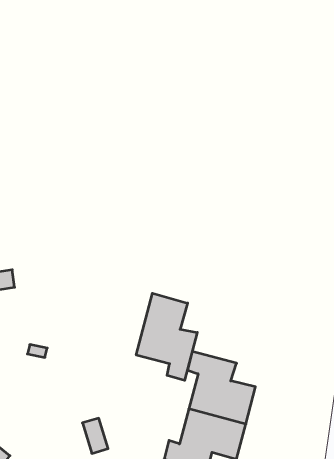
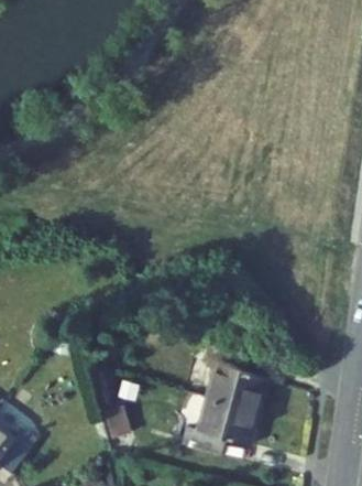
building: [136,293,197,380] -> none

